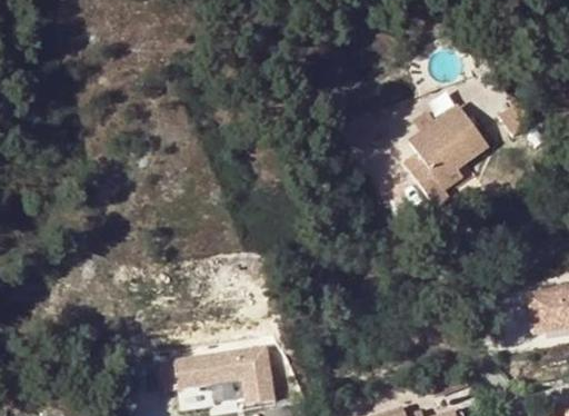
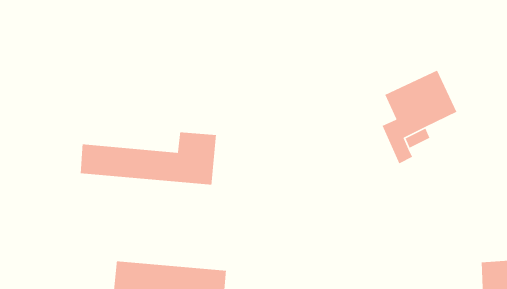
building: none -> [80,132,217,185]

